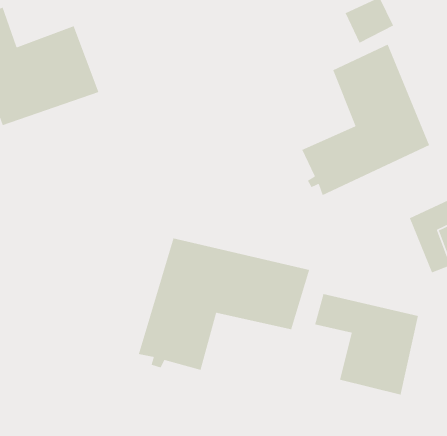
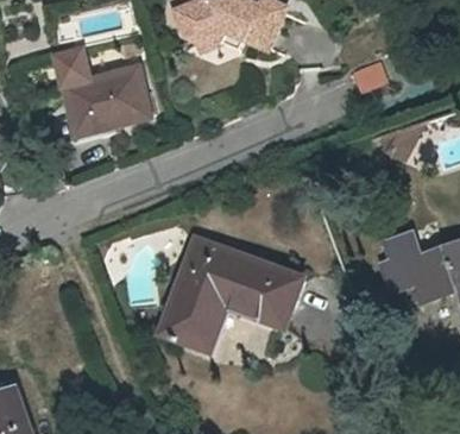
building: [301,43,430,196] -> none
building: [314,293,419,395] -> none

